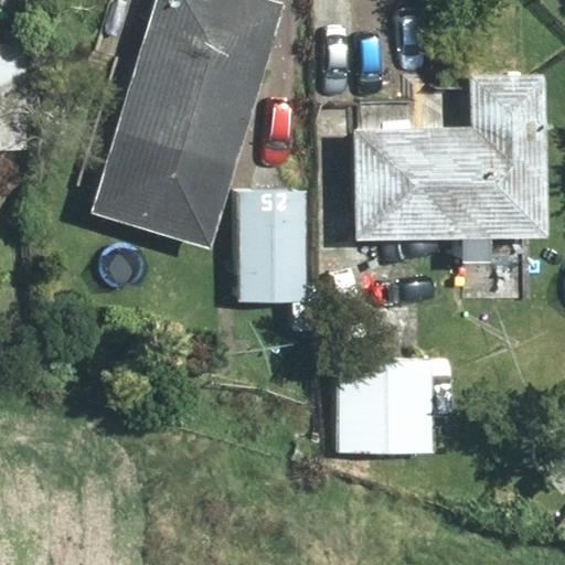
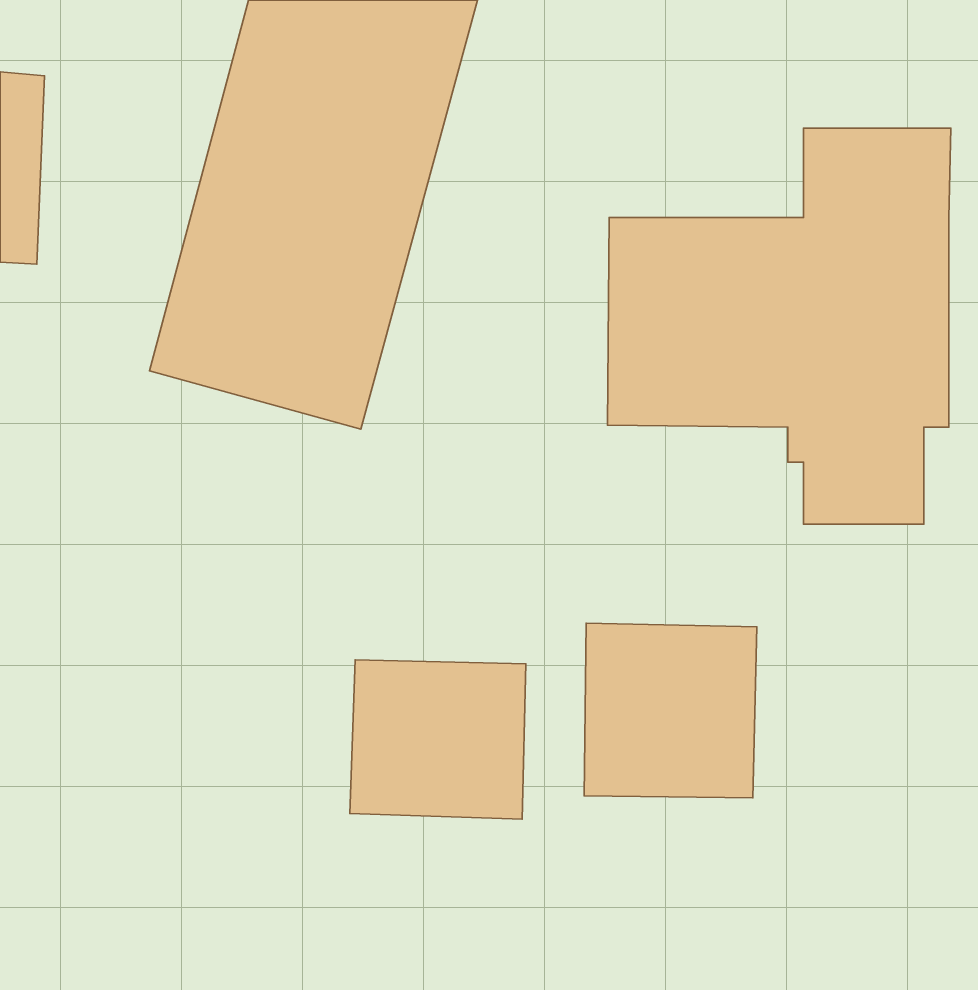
building: [235,172,319,334] -> none
building: none -> [350,660,526,819]

